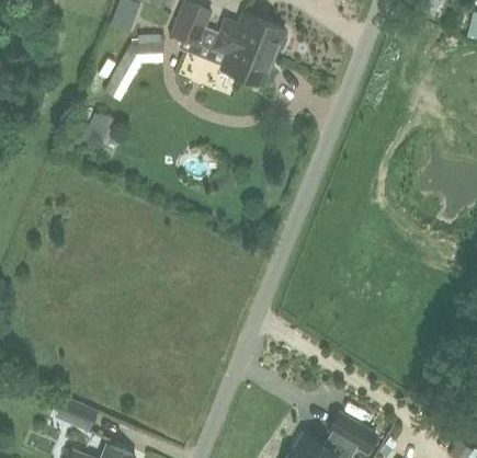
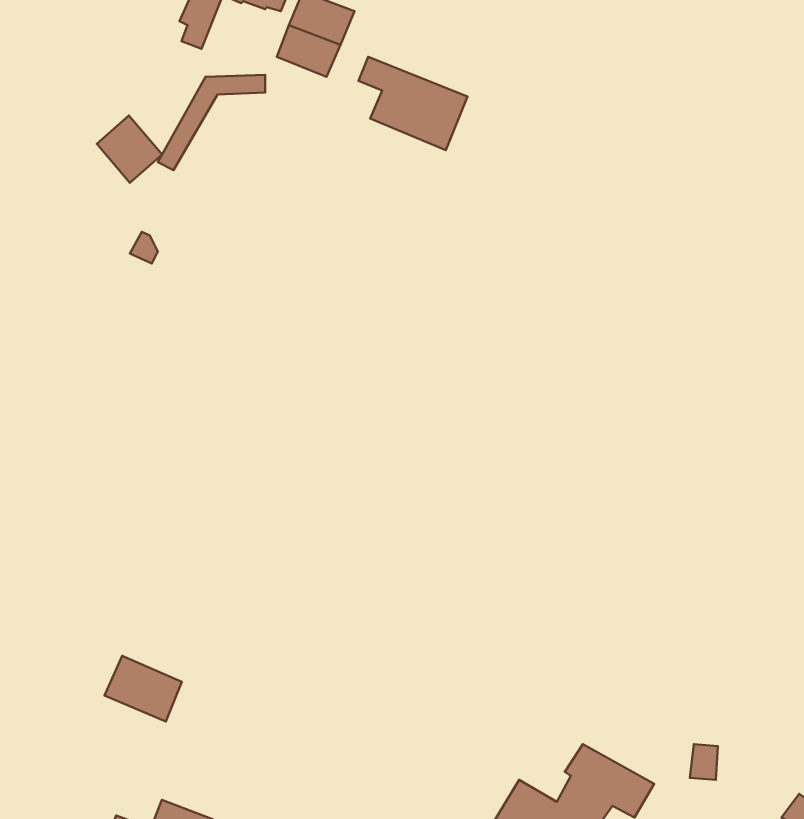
building: [219,13,287,57] -> none
building: none -> [97,116,162,183]
building: [54,396,96,432] -> [104,656,182,721]

